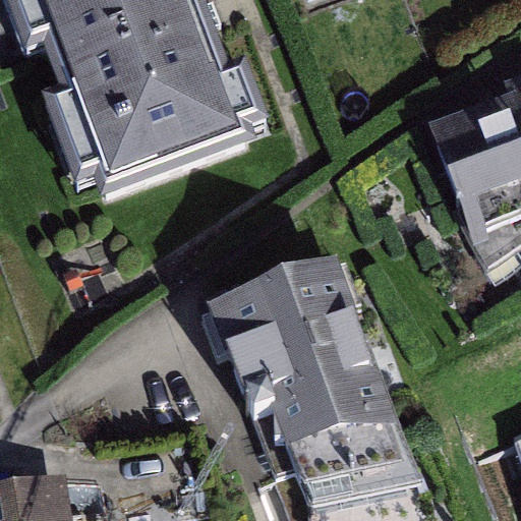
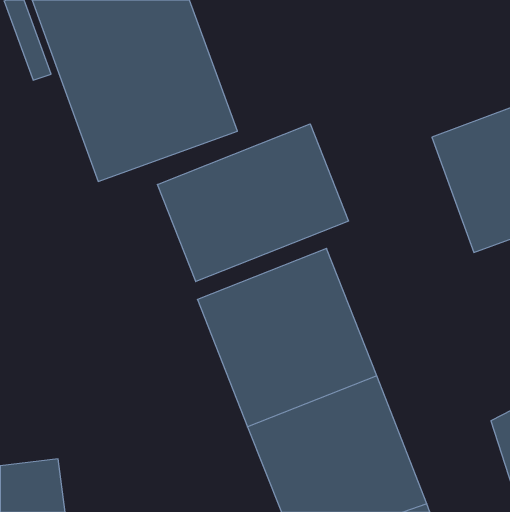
building: none -> [157,124,348,282]

